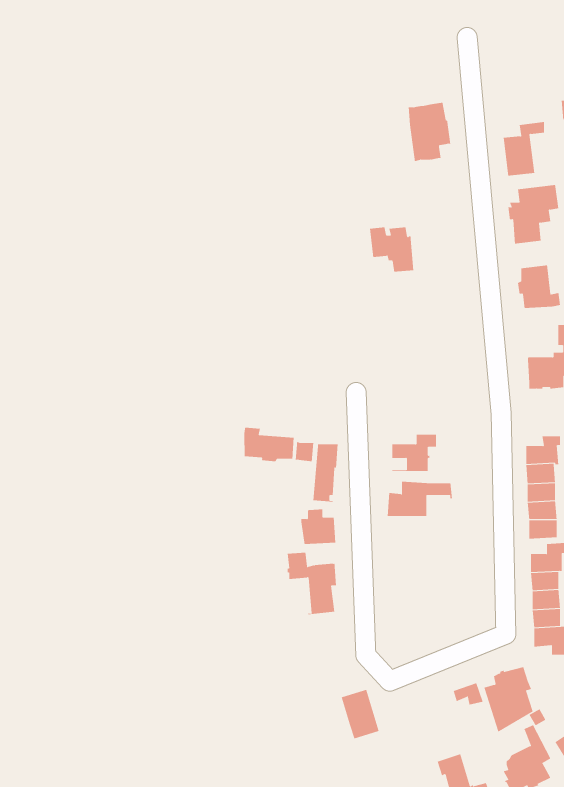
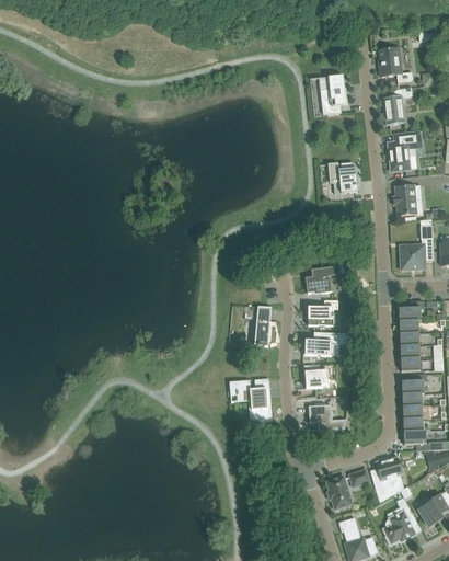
building: none -> [378,48,412,82]
building: [369,227,414,272] -> [326,162,357,193]
building: none -> [304,264,344,293]
building: [244,427,294,462] -> none
building: [299,509,336,544] -> [302,365,327,389]
building: none -> [308,404,345,431]
building: [341,689,380,739] -> [325,476,352,510]

